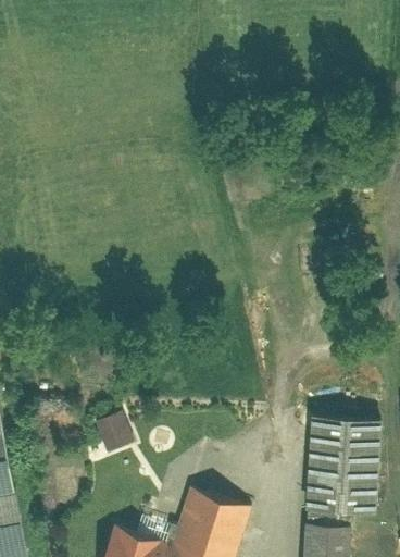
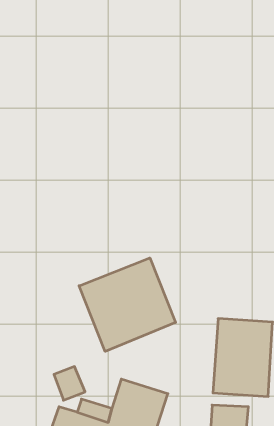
building: none -> [79,258,176,351]
building: [93,414,133,457] -> [54,367,85,400]

